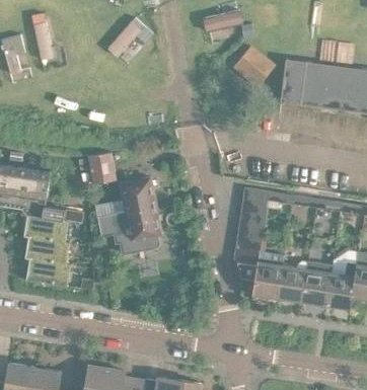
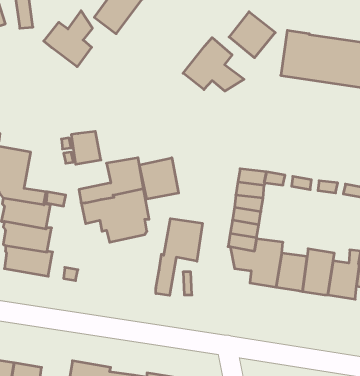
building: none -> [44,11,92,67]
building: none -> [183,38,244,91]
building: none -> [139,158,179,199]
building: none -> [156,219,202,295]

